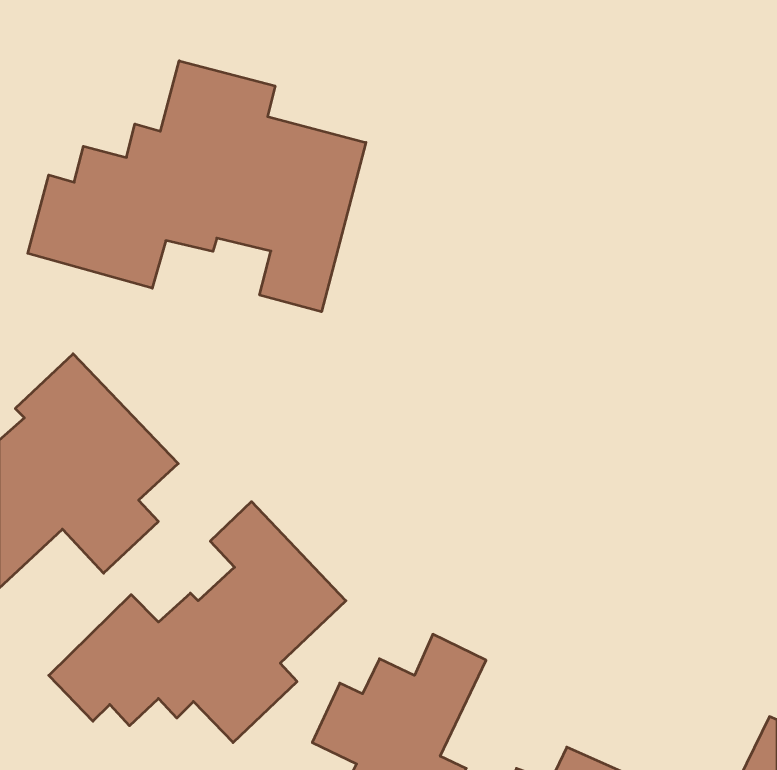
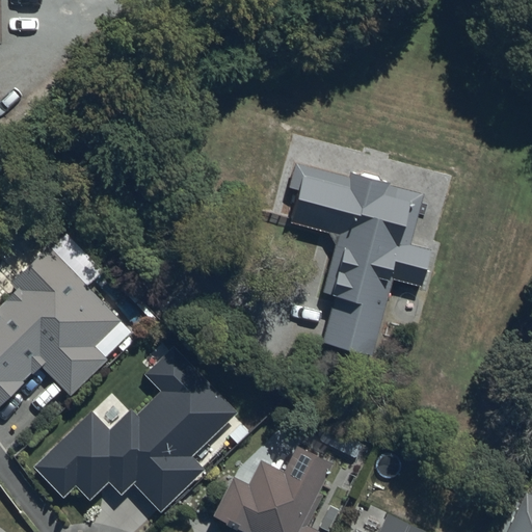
building: [28,61,366,312] -> none
building: none -> [289,162,430,356]

